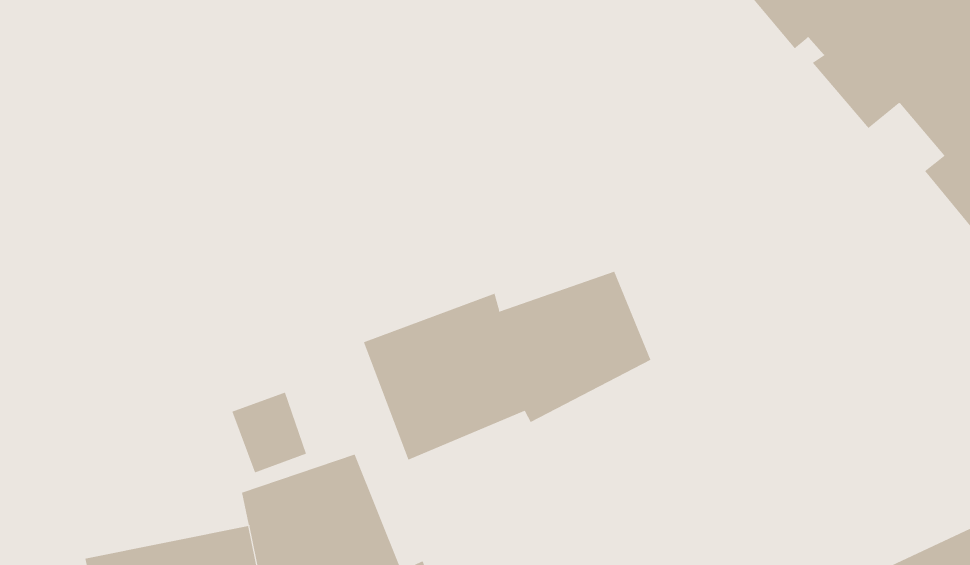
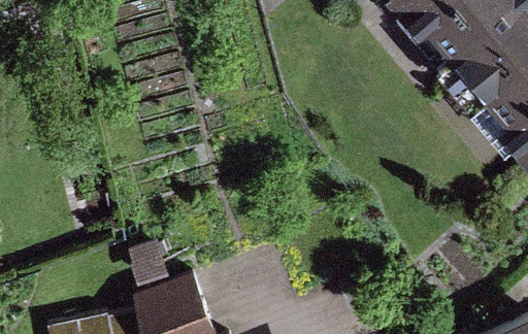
building: [363,271,651,461] -> none

